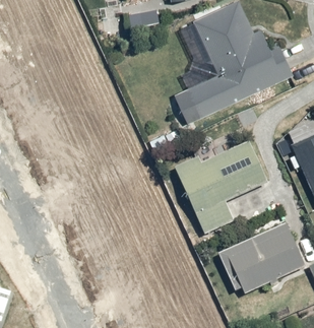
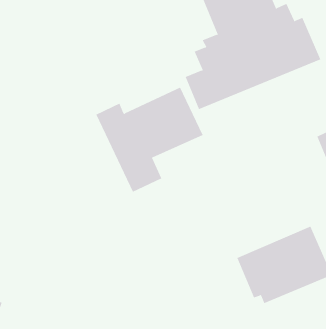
building: [174,140,269,234] -> [96,87,203,192]

